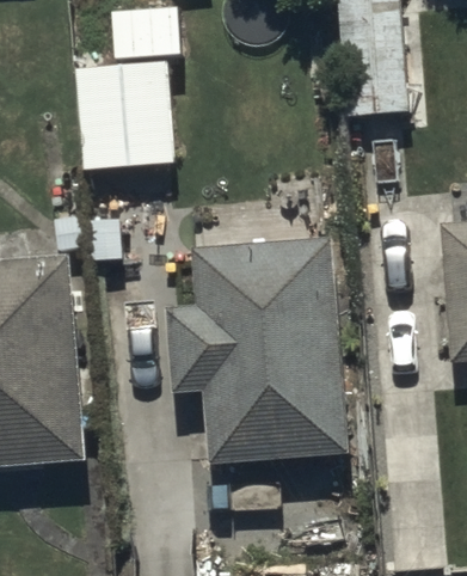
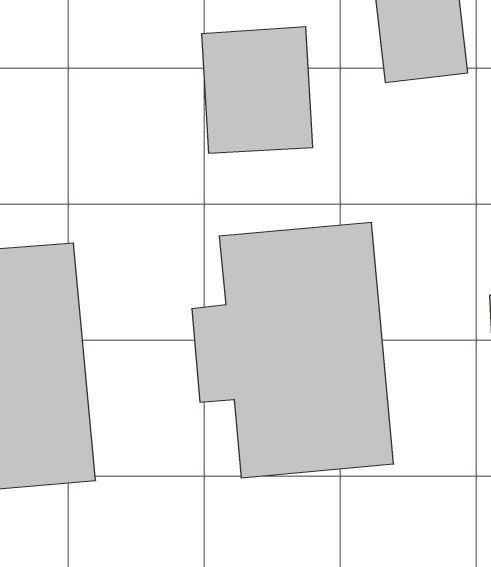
building: [78,59,174,168] -> [202,27,313,153]

